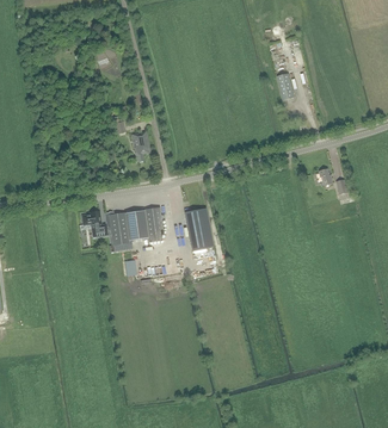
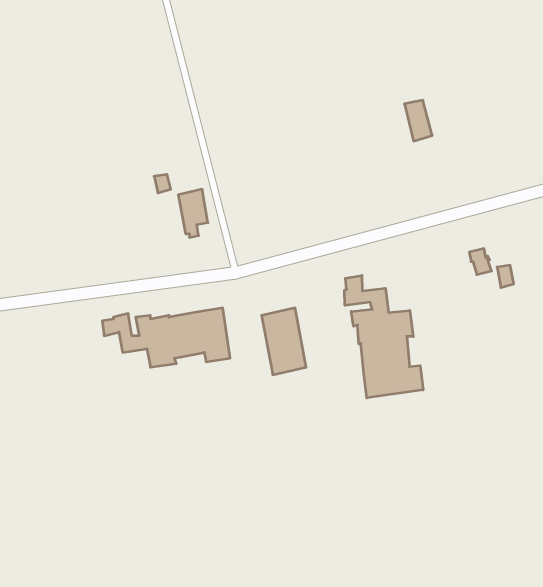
building: none -> [345,275,423,398]

